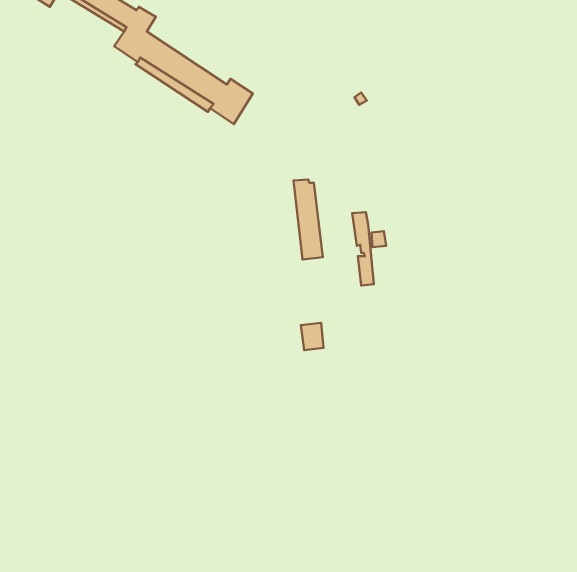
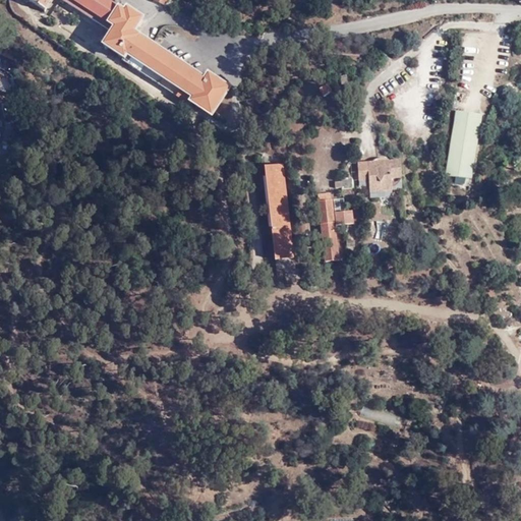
building: none -> [446,108,481,176]
building: none -> [357,158,401,187]
building: [301,323,323,350] -> [273,232,293,256]

